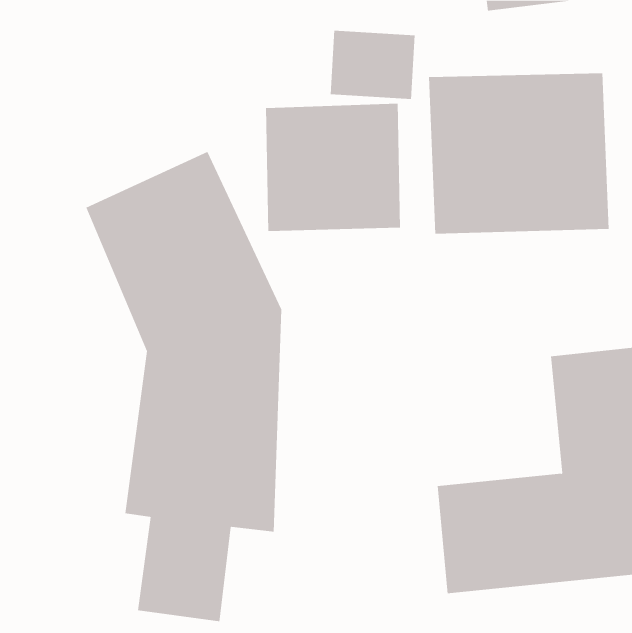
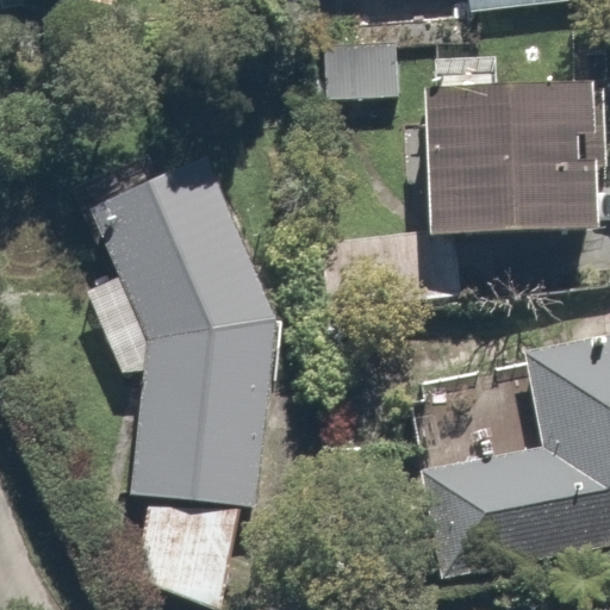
building: [266,103,400,232] -> none

